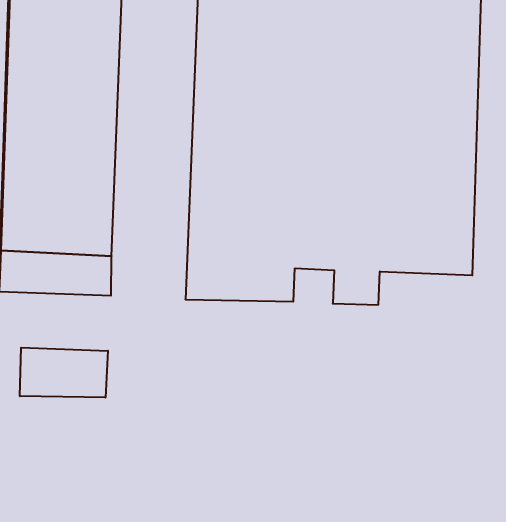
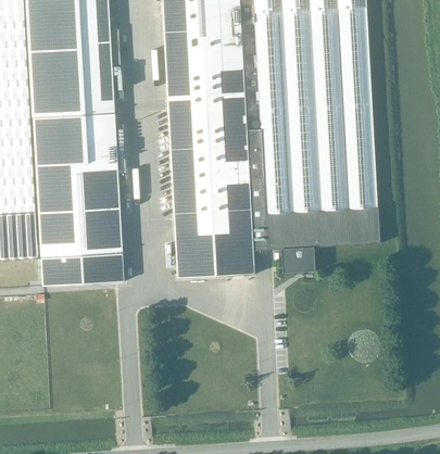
building: [20,348,108,398] -> none

